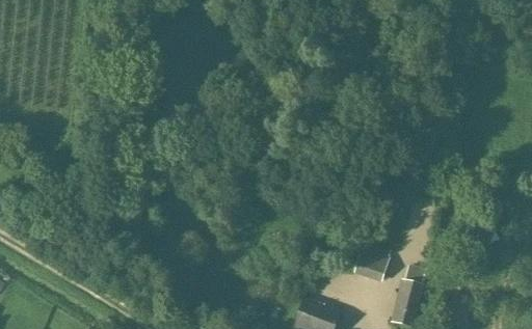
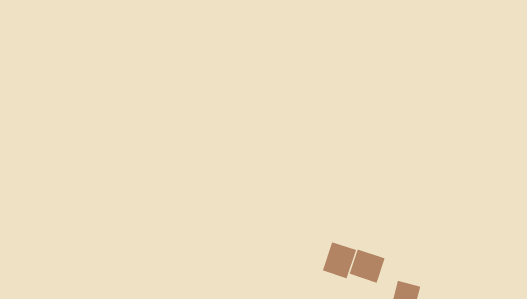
building: none -> [322,241,357,279]

